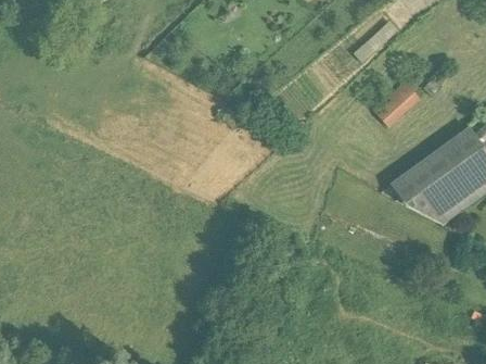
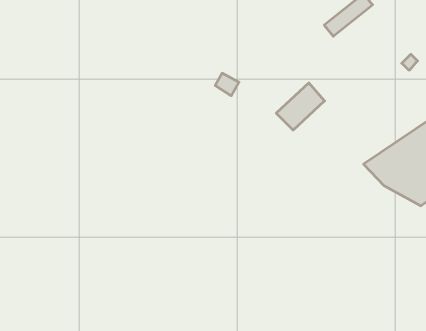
building: [373,80,420,126] -> [276,83,325,130]

